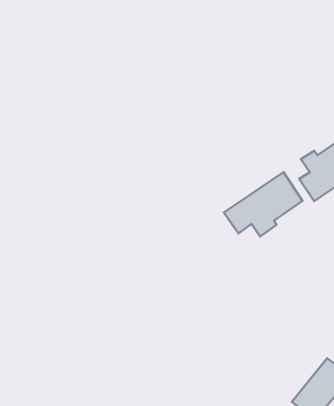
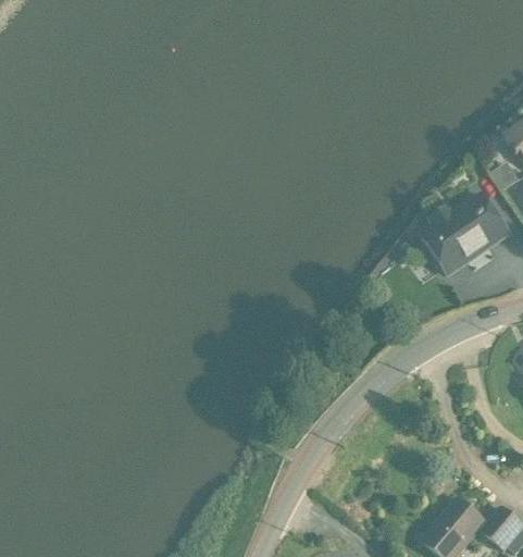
building: [224,172,302,237] -> none

